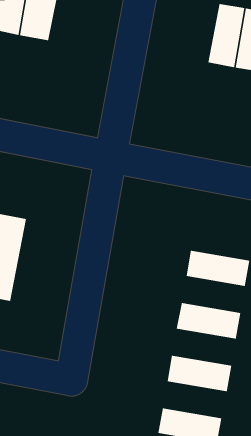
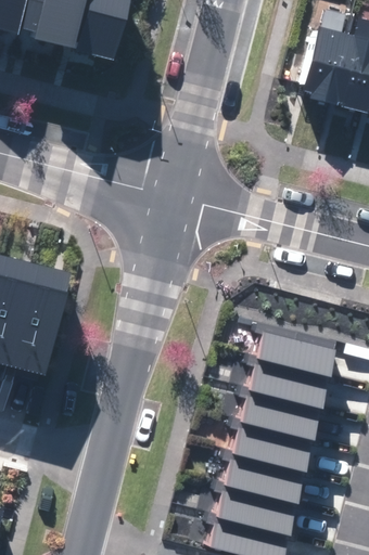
building: none -> [247,356,327,404]
building: none -> [231,418,311,467]
building: none -> [216,481,296,530]

